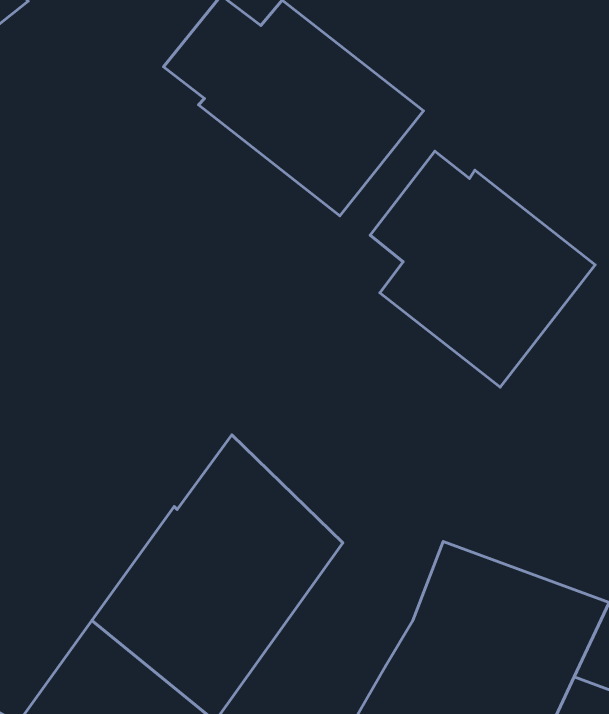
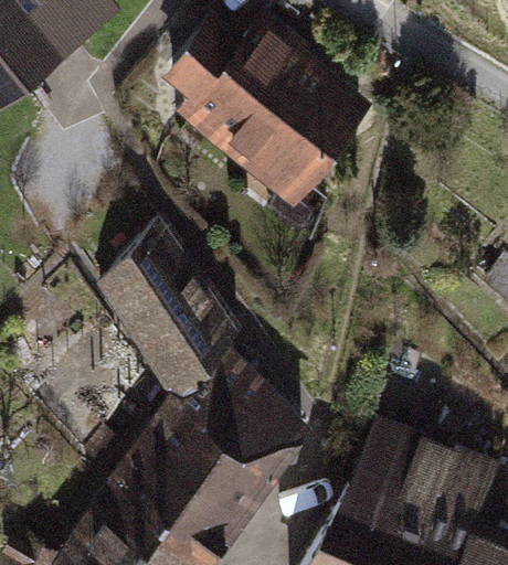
building: [370,151,595,387] -> none
building: none -> [98,221,236,404]

